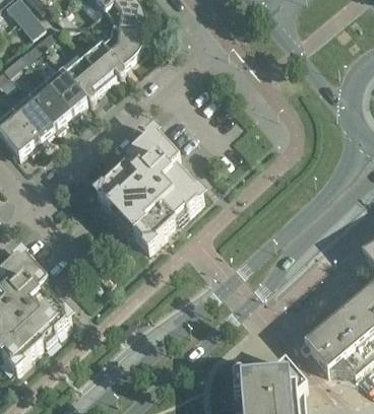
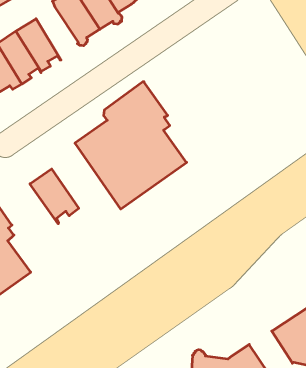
building: [44,67,86,116] -> none
building: none -> [30,169,79,224]

